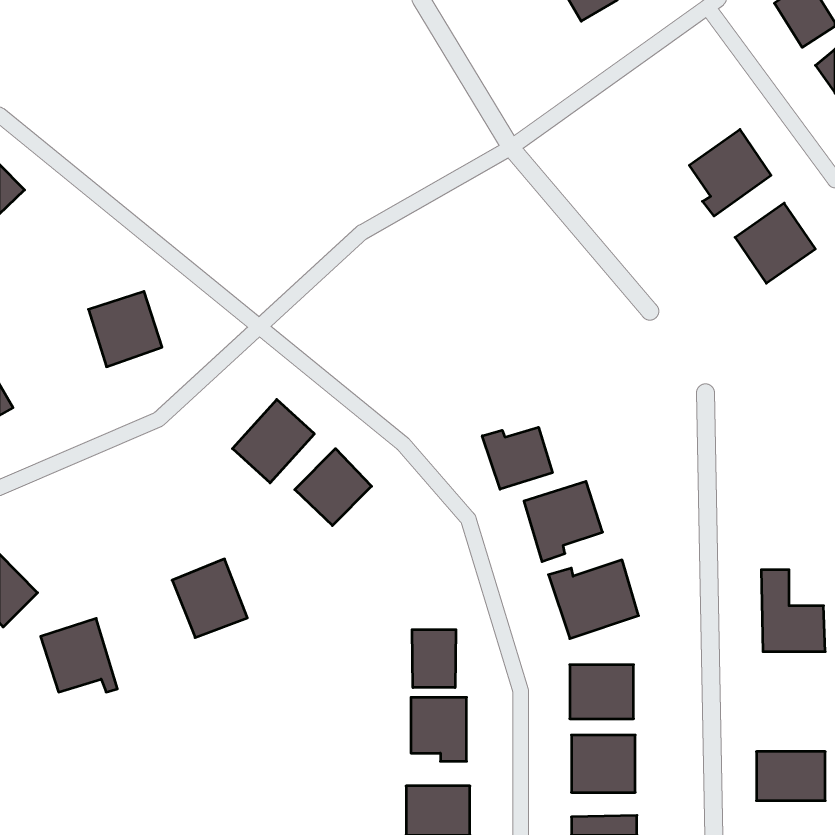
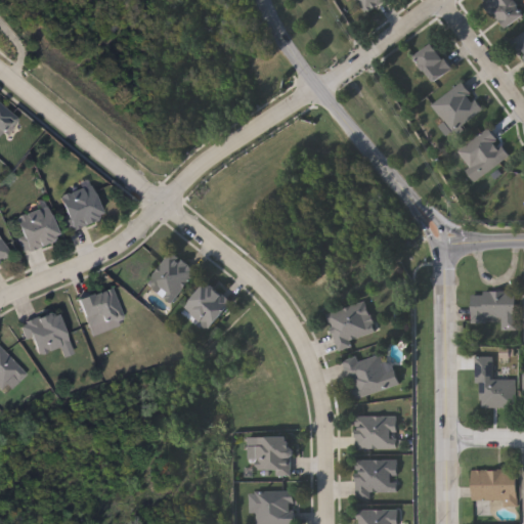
building: none -> [416,43,451,82]
building: none -> [13,204,58,252]
building: [482,427,552,489] -> none
building: none -> [471,291,516,326]
building: [172,559,247,638] -> [78,286,125,335]
building: [41,618,117,692] -> [23,309,71,355]
building: [412,630,456,688] -> none

